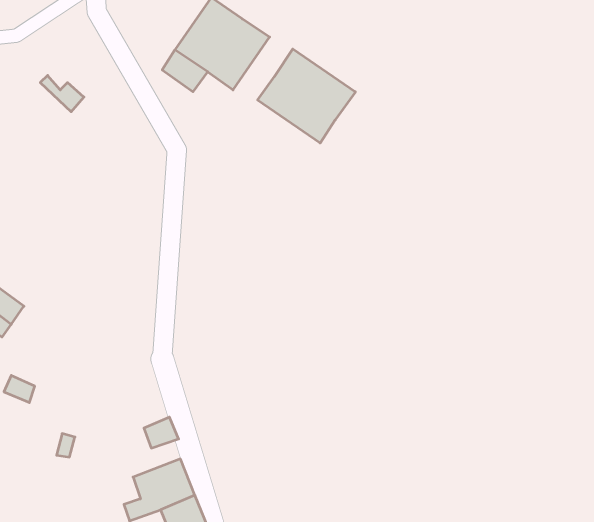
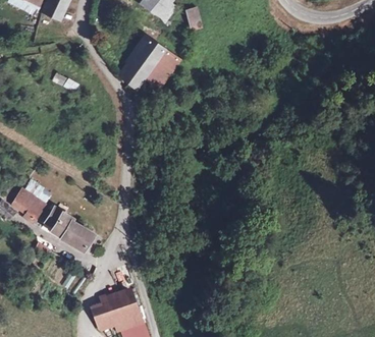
building: [258,49,355,143] -> none
building: none -> [44,207,94,251]

